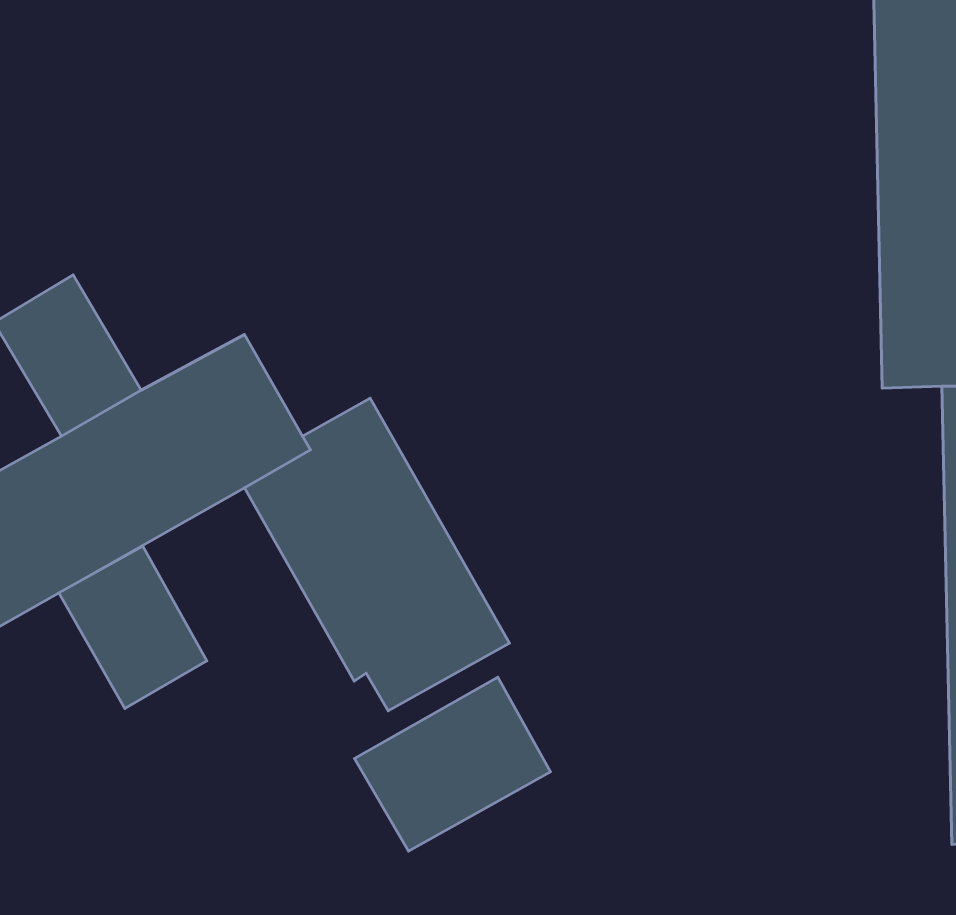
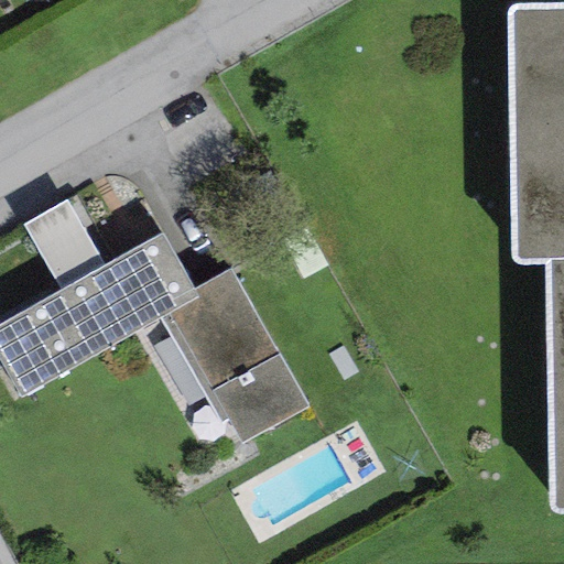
building: [59,546,207,709] -> none
building: [355,677,550,851] -> none

